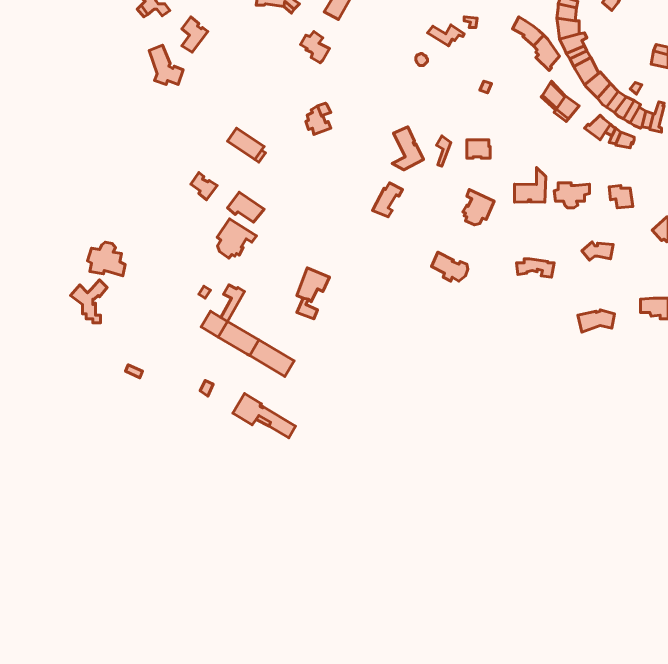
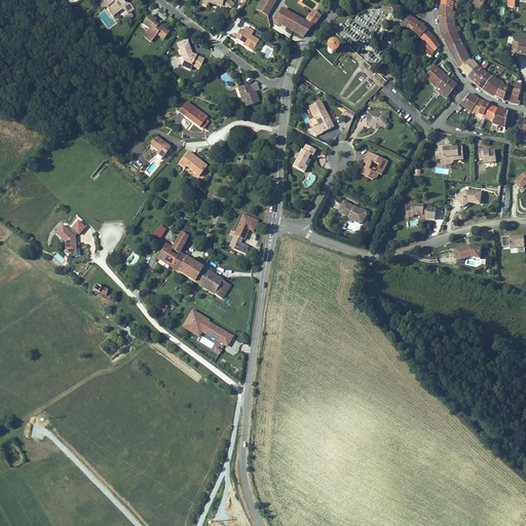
building: none -> [273,7,321,38]
building: [149,45,183,84] -> [177,37,203,68]
building: [514,168,546,202] -> none
building: [217,219,256,258] -> none
building: [88,242,125,276] -> none

